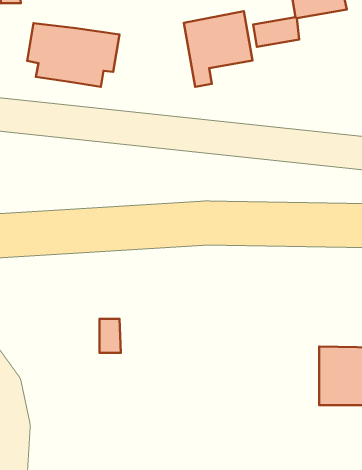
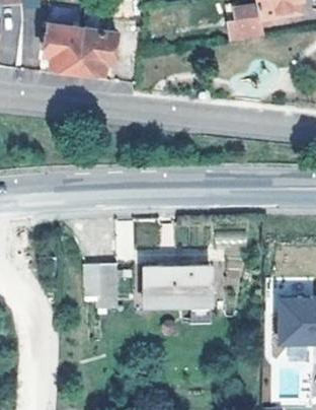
building: [184,11,252,87] -> none
building: none -> [147,268,214,305]

